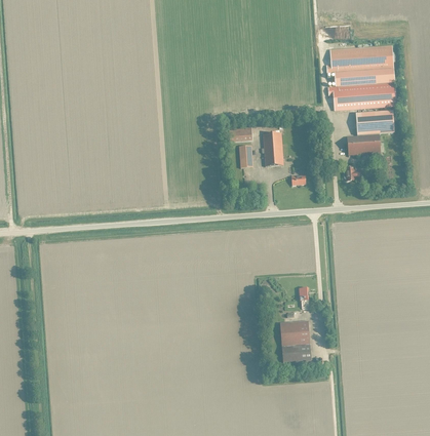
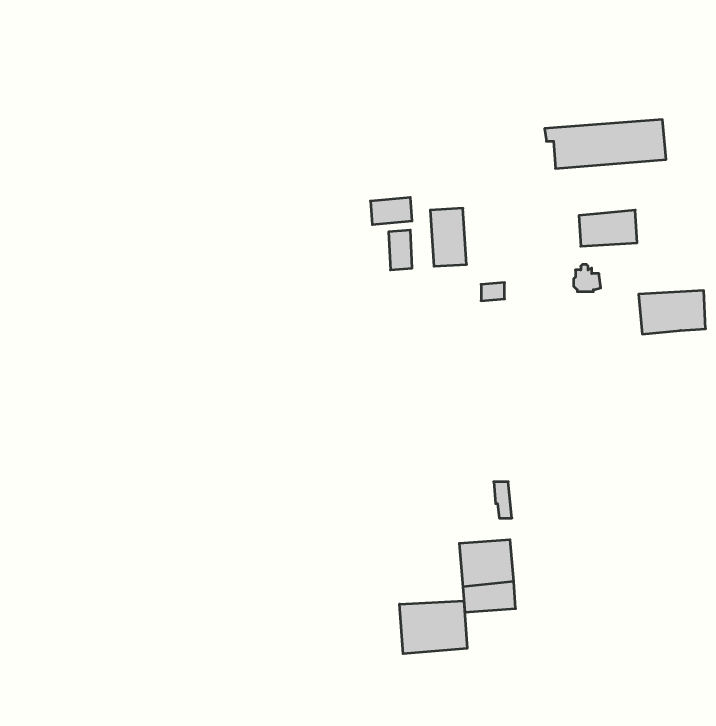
building: [326,45,393,73] -> none
building: [355,111,393,135] -> [639,291,706,334]
building: none -> [400,601,467,654]

